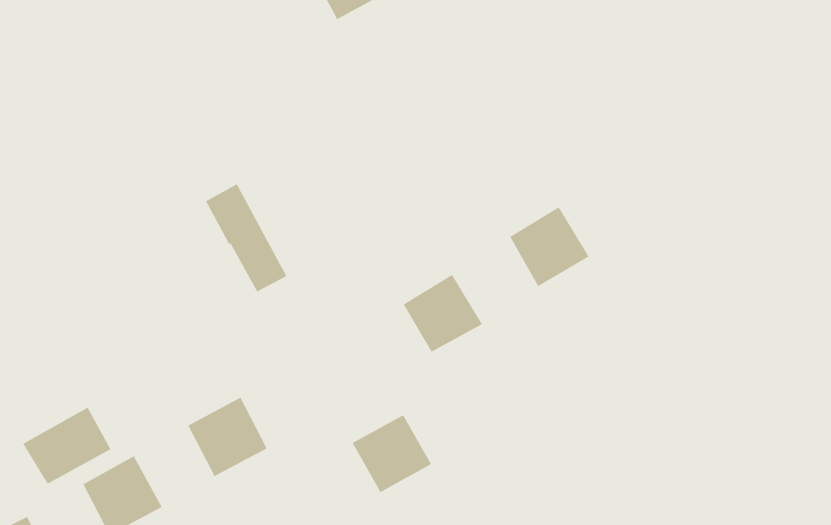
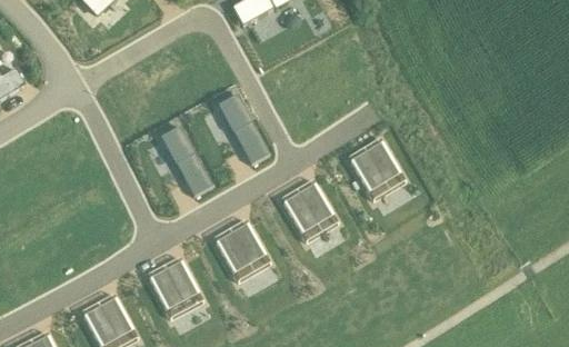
building: none -> [218,96,269,163]
building: [23,407,111,485] -> none
building: [352,414,432,493] -> [216,224,266,272]

